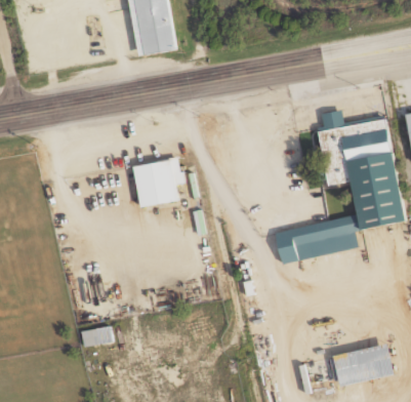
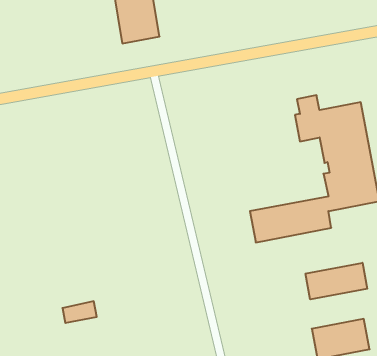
building: [131,158,180,206] -> none
building: none -> [306,263,367,299]

